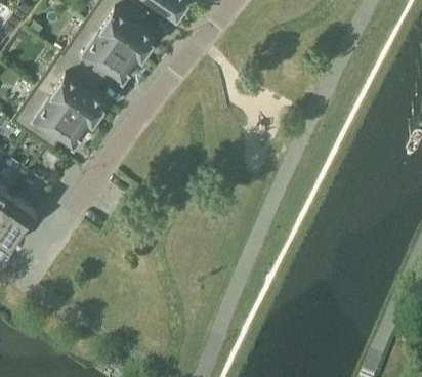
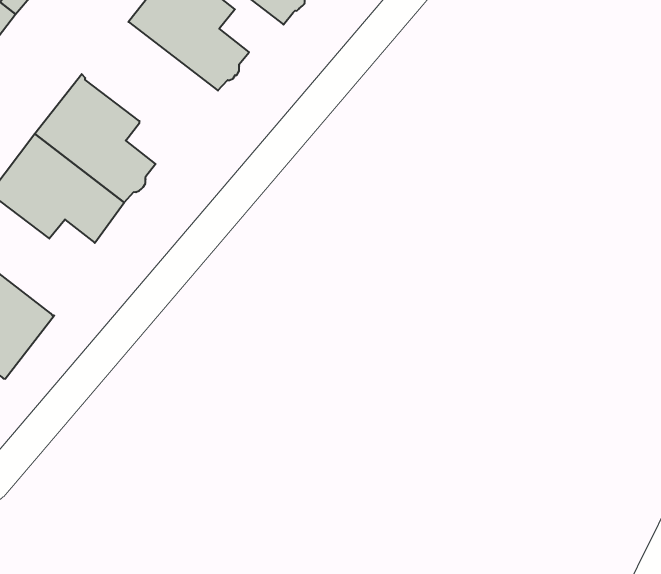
building: [59,31,134,90] -> none

